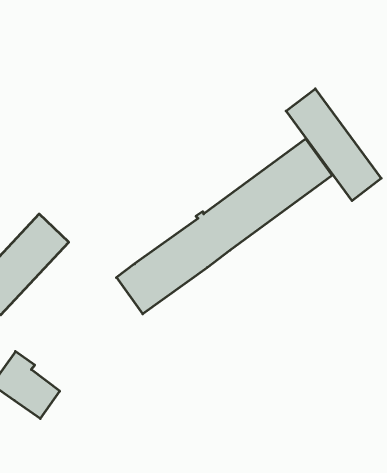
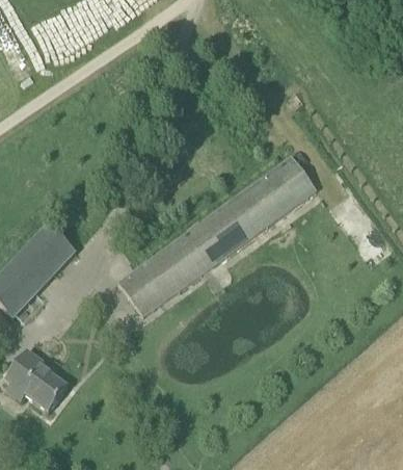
building: [286,89,381,201] -> none

